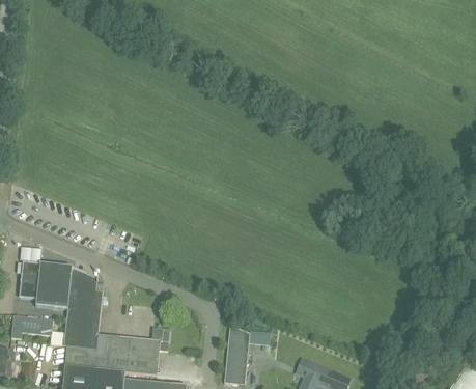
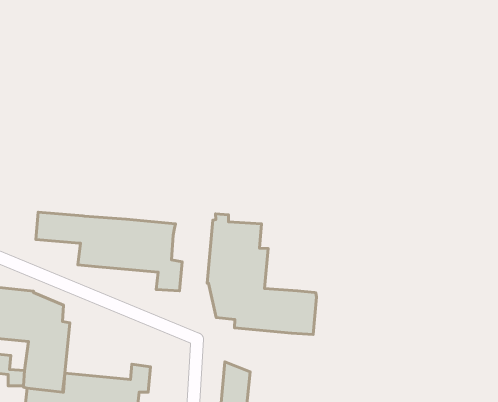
building: none -> [36,212,182,291]
building: none -> [207,214,316,335]

